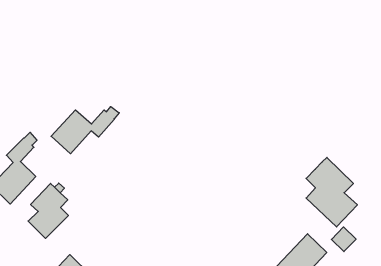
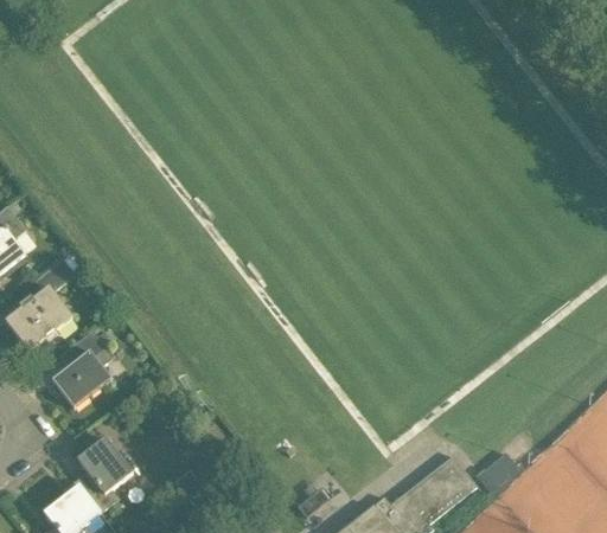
building: [51,107,119,154] -> none
building: [306,157,357,227] -> none

